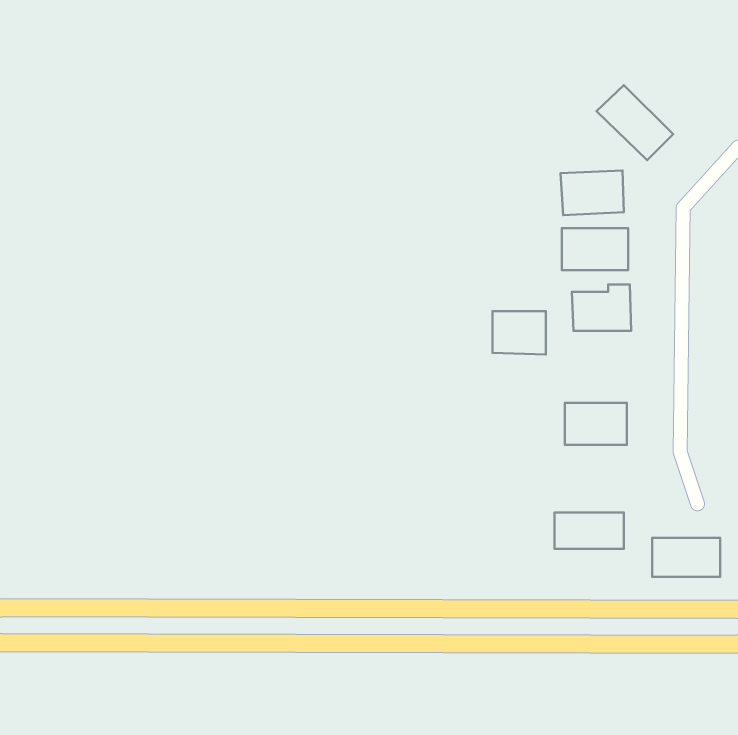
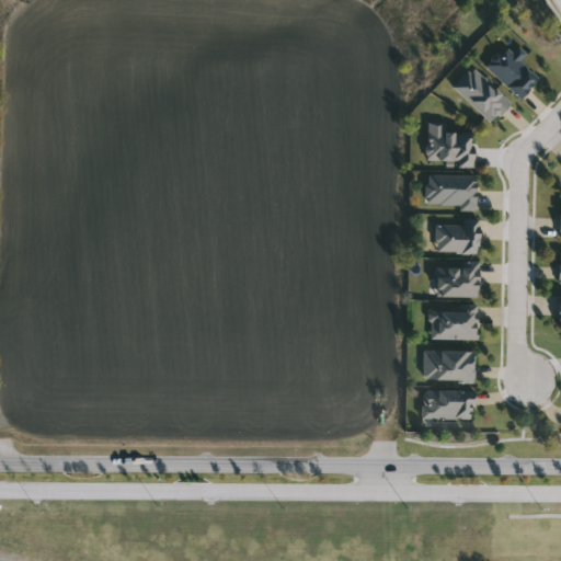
building: none -> [484,44,538,99]
building: [492,311,546,354] -> [437,264,478,297]
building: [652,538,720,577] -> [422,351,473,380]

